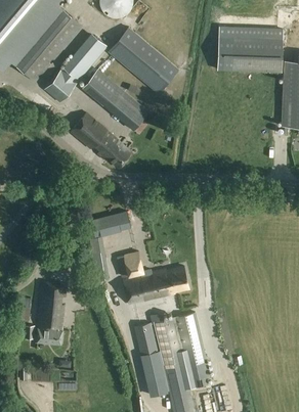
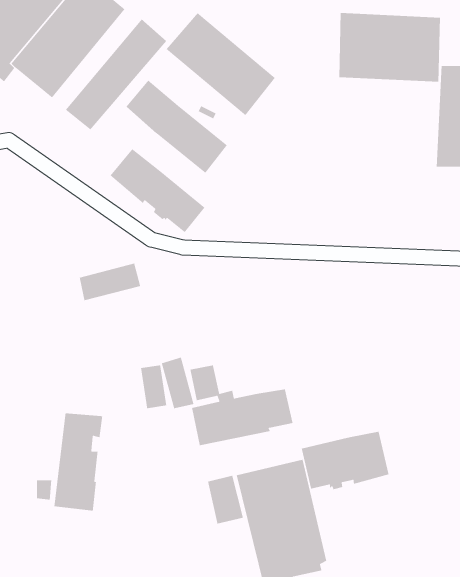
building: [90,212,130,236] -> [79,263,141,301]
building: none -> [301,431,390,490]
building: [140,351,163,381] -> none

